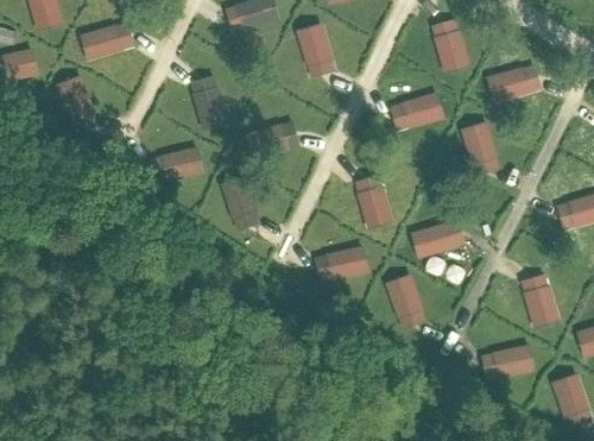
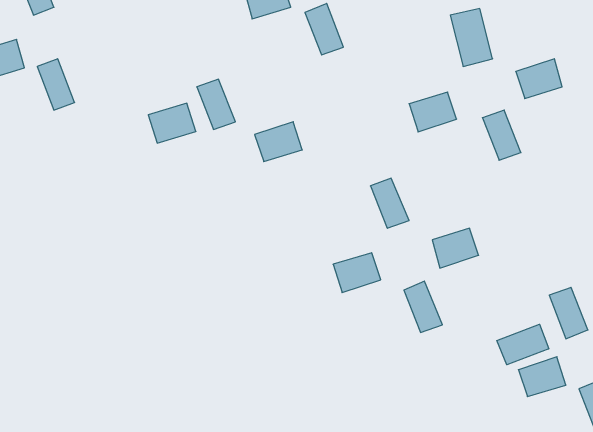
building: [81,27,125,64] -> none
building: [159,146,203,183] -> [148,103,196,143]
building: [225,177,259,225] -> none
building: none -> [497,324,549,365]

